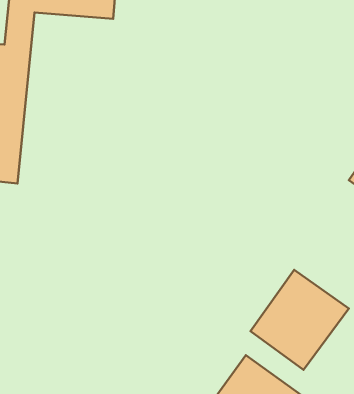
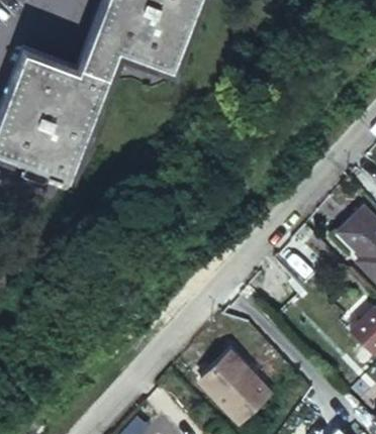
building: [250,270,349,370] -> none

